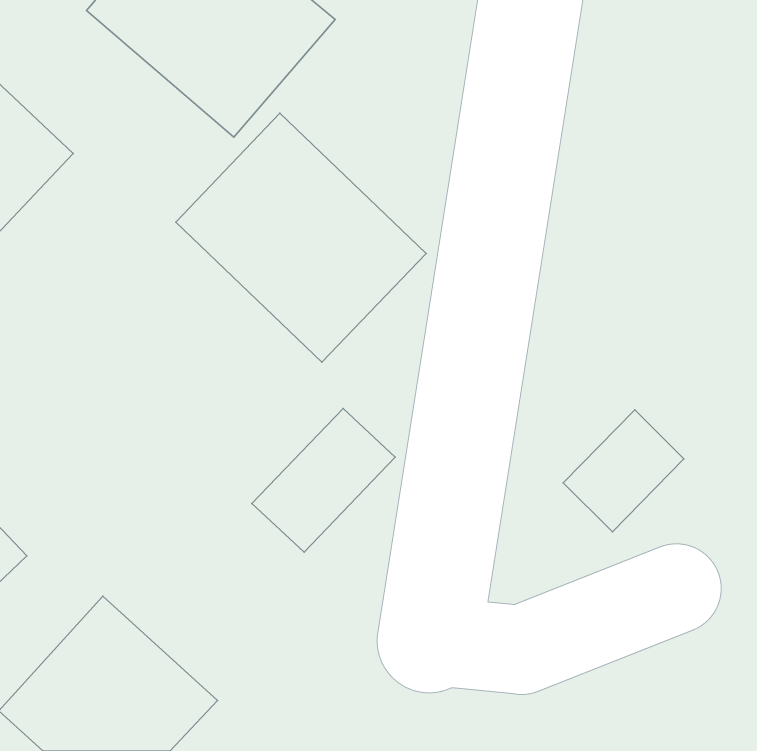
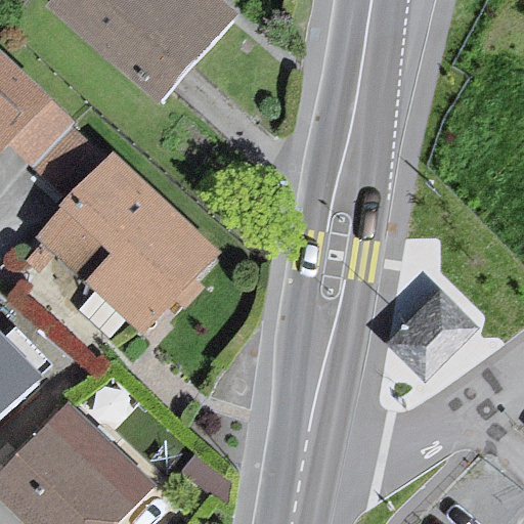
building: [176,113,426,362] -> [44,161,216,332]
building: [252,408,395,552] -> none

